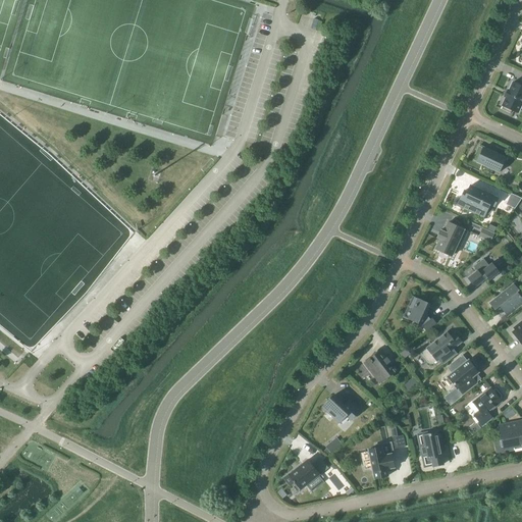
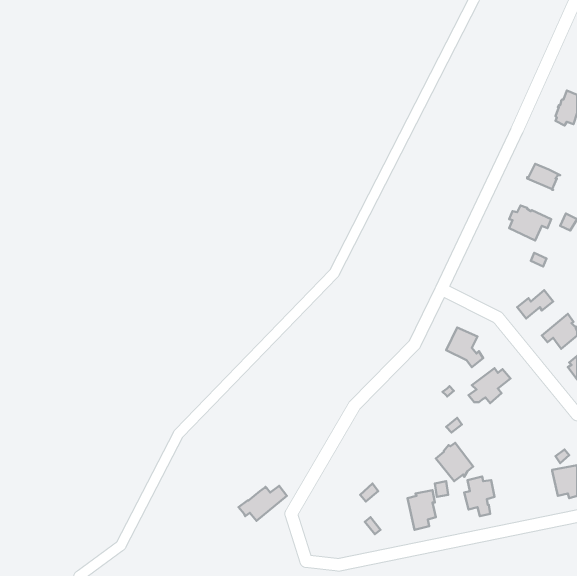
building: [435,222,463,256] -> none
building: [363,349,397,383] -> [436,443,473,481]
building: [448,360,477,394] -> none
building: [473,388,501,425] -> none
building: [322,396,359,422] -> none
building: [283,458,327,489] -> [238,486,287,521]

